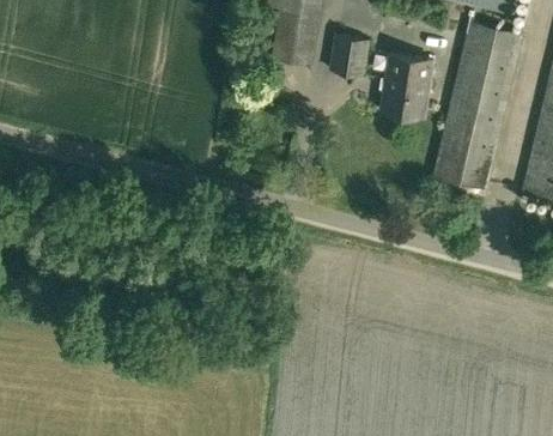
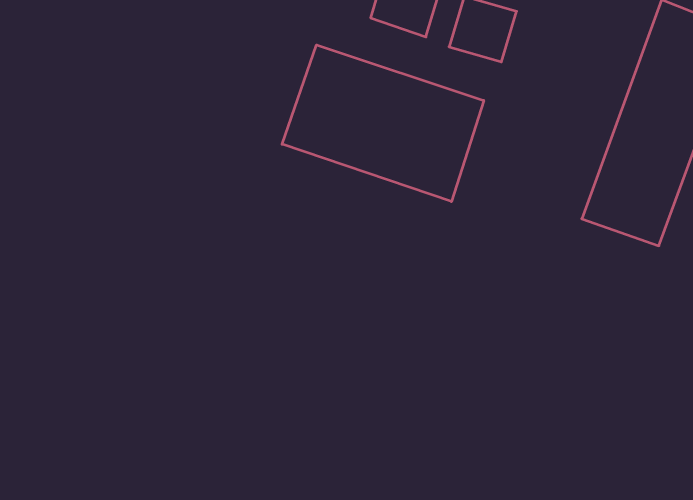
building: [379,52,434,116] -> none
building: none -> [282,45,484,202]

